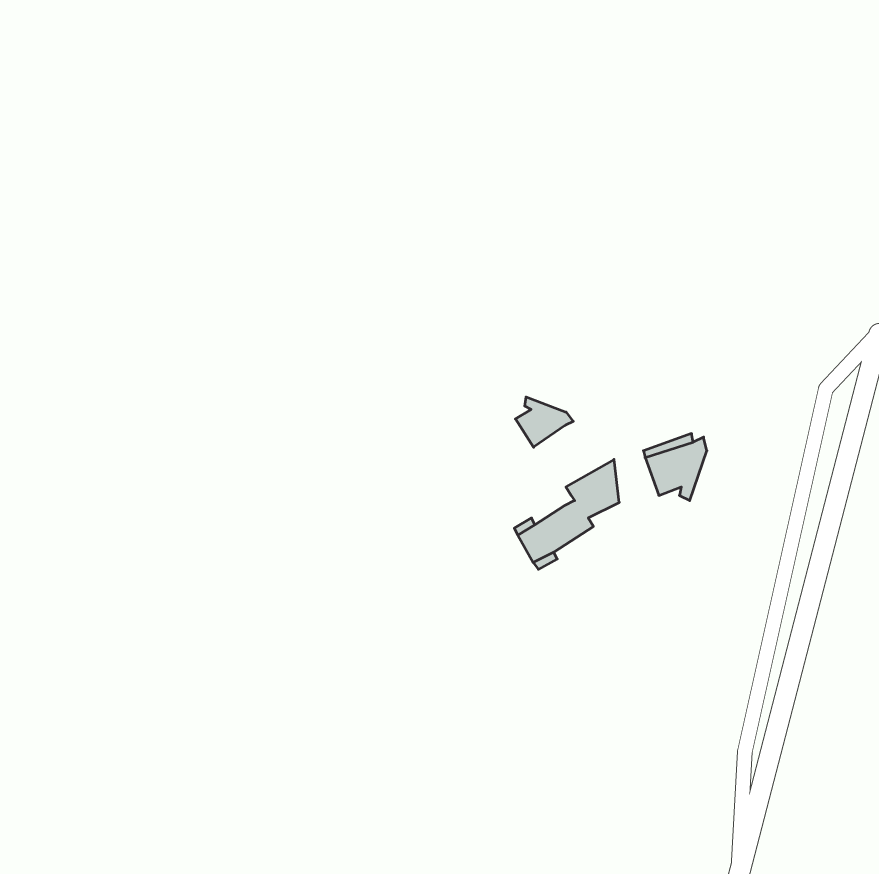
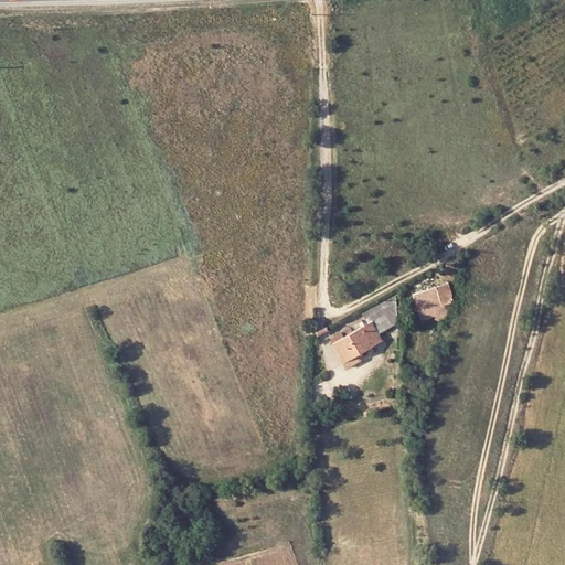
building: [515,397,573,447] -> none

